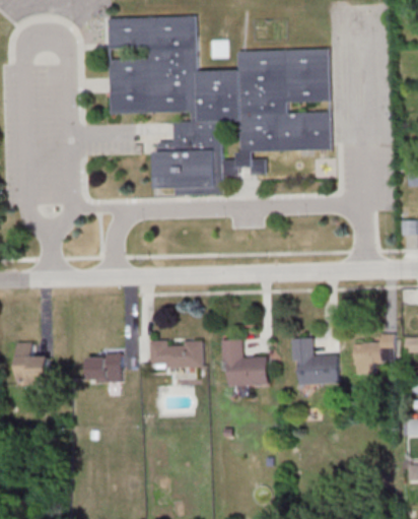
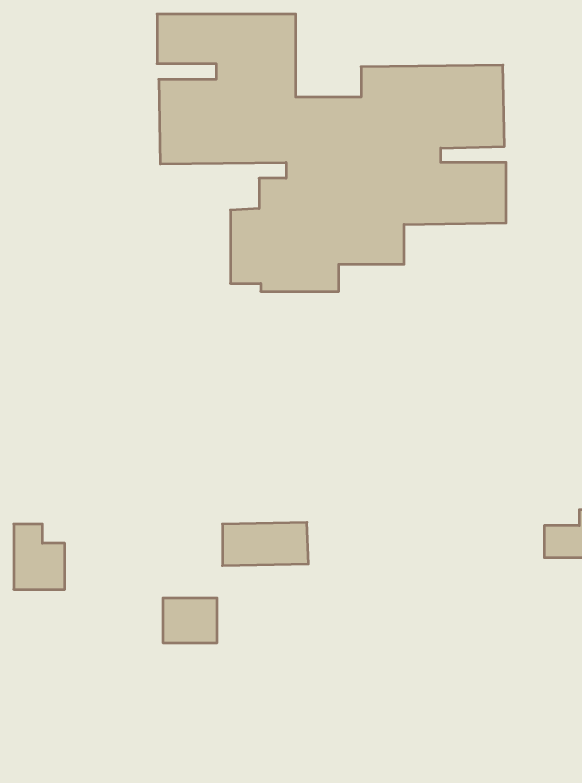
building: [292,337,340,385] -> none
building: [222,340,268,387] -> none
building: [87,353,122,382] -> [163,598,217,643]

